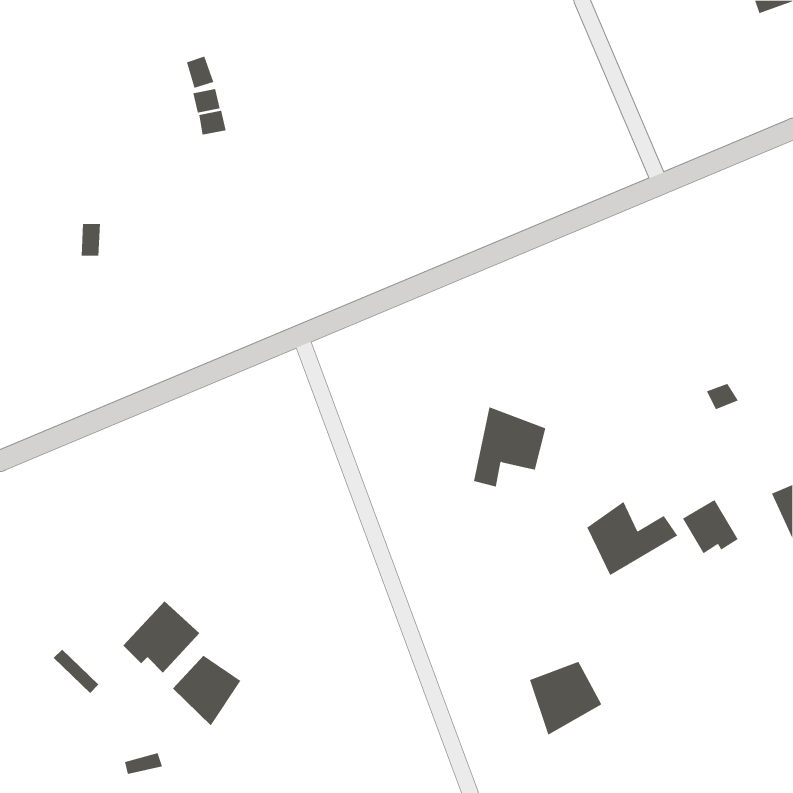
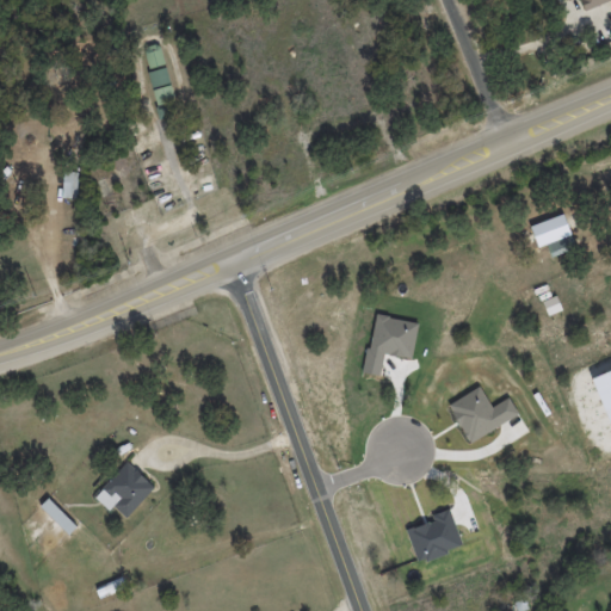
building: none -> [532,214,575,246]
building: [682,499,738,554] -> none
building: [172,655,241,726] -> none

